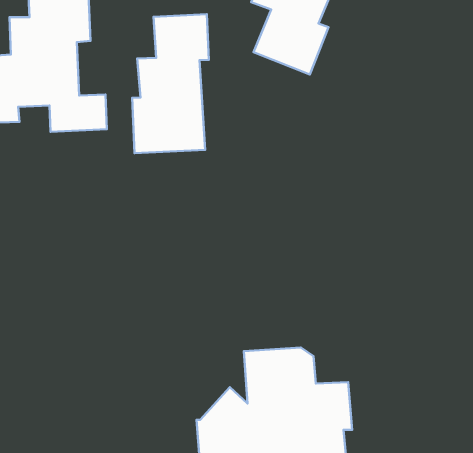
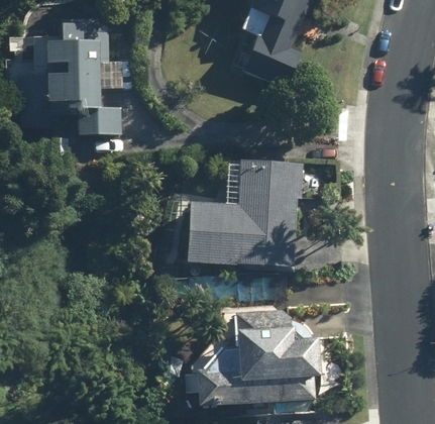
building: [132,14,209,153] -> none
building: none -> [185,160,302,264]

